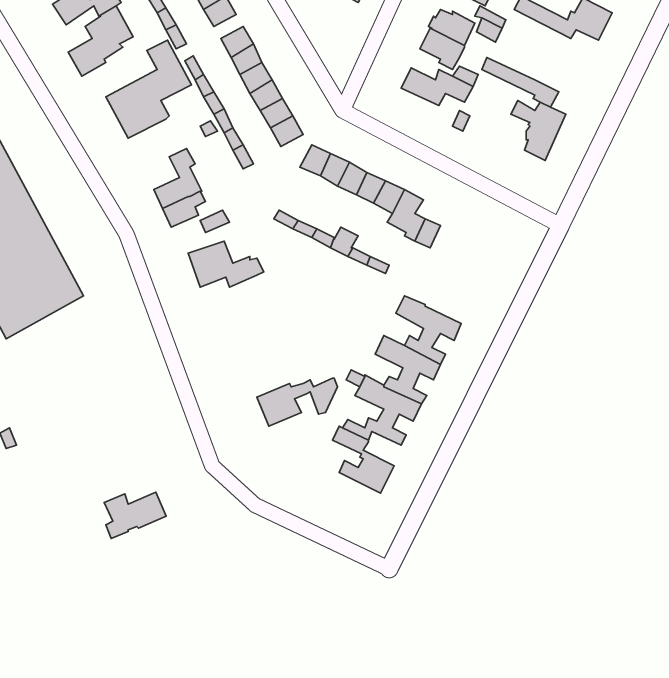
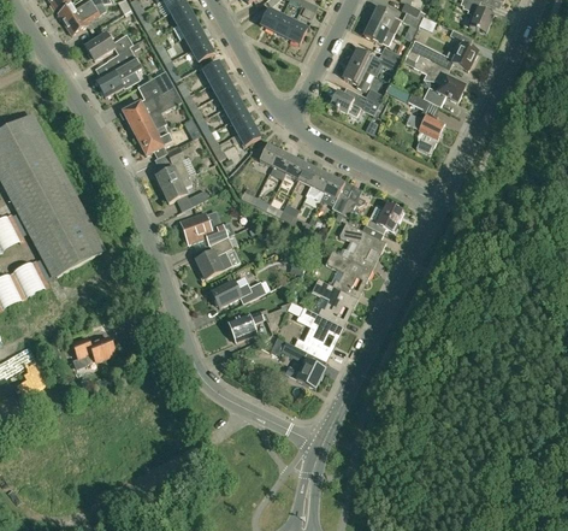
building: none -> [404,48,465,101]
building: none -> [137,125,171,154]
building: none -> [365,201,403,232]
building: none -> [338,220,385,269]
building: none -> [195,235,239,278]
building: none -> [212,281,265,306]
building: [104,492,166,538] -> [71,336,114,368]

